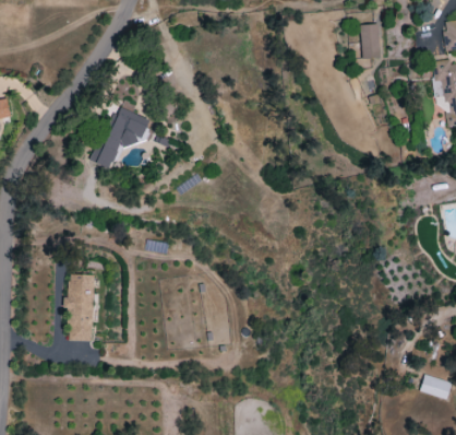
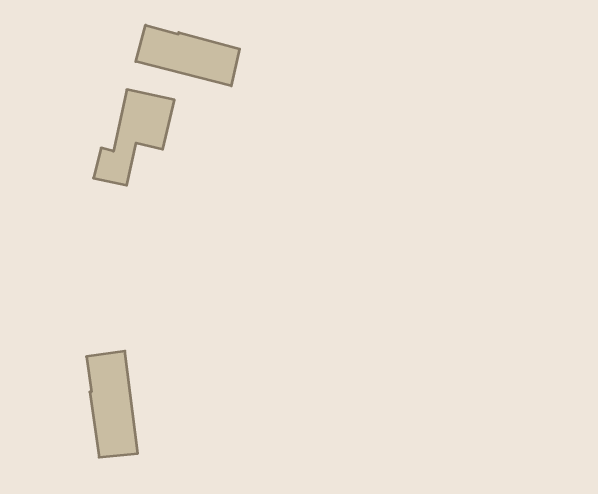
building: none -> [136,25,240,86]

